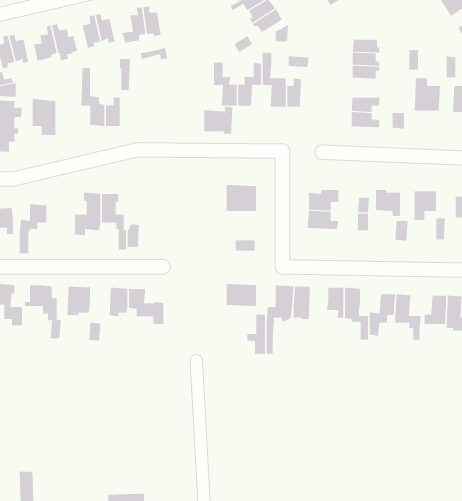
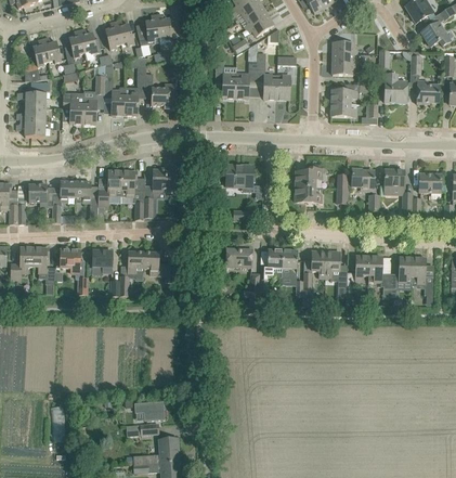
building: none -> [83,64,105,124]
building: [204,106,233,134] -> [152,83,177,107]
building: none -> [153,169,174,192]
building: none -> [76,181,99,221]
building: none -> [135,400,165,419]

